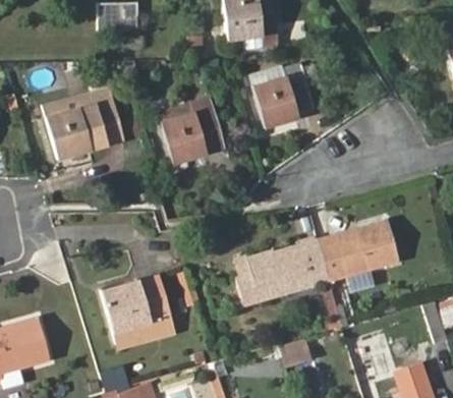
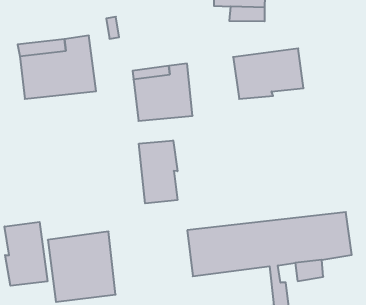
building: none -> [139,140,177,203]
building: none -> [5,222,47,286]

